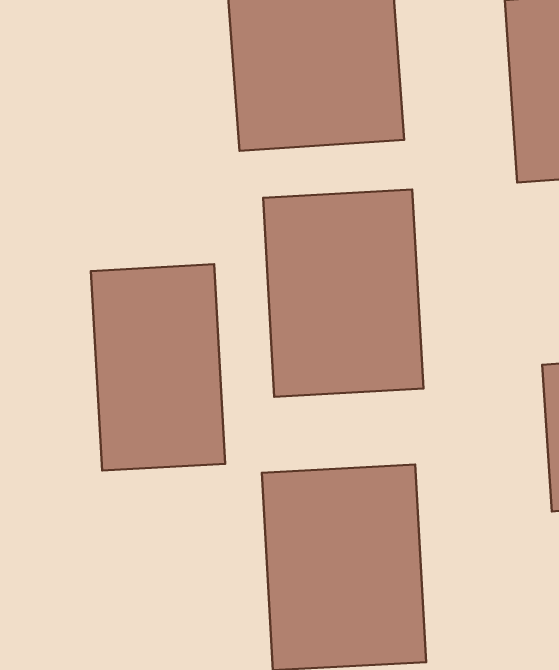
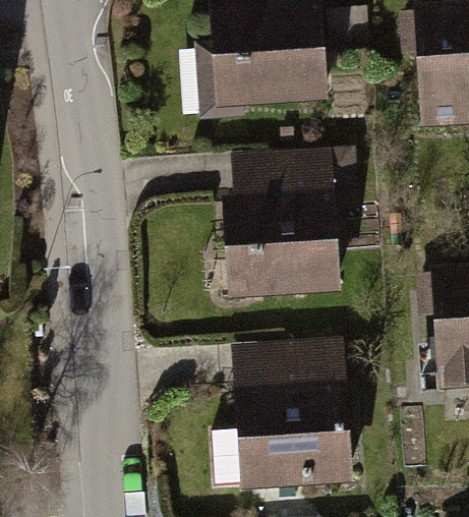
building: [91,264,225,471] -> none

